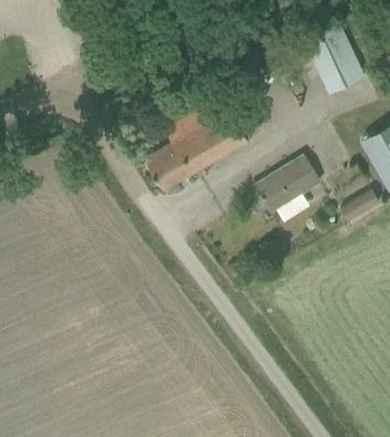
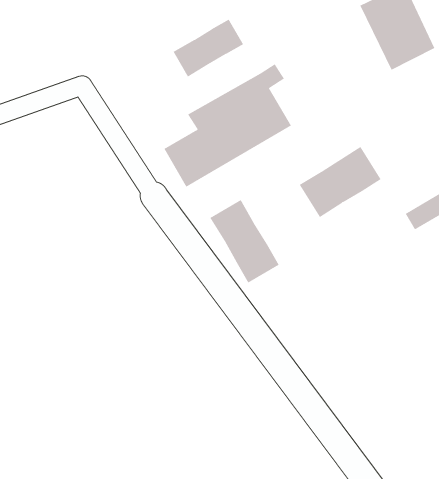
building: none -> [173,19,244,77]
building: none -> [210,199,279,283]

